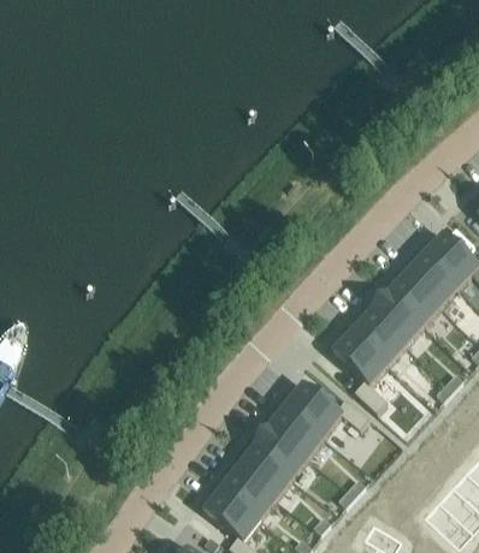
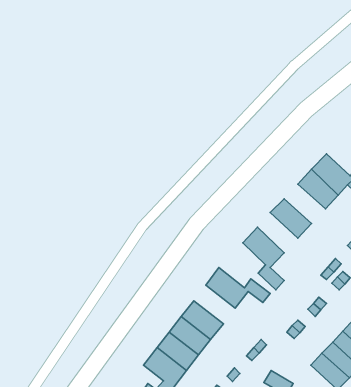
building: [388,274,442,326] -> none
building: [353,311,406,364] -> none
building: [270,406,324,457] -> none

